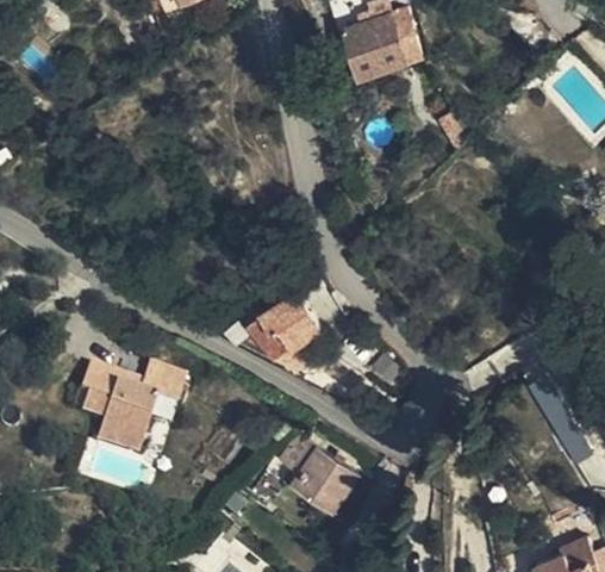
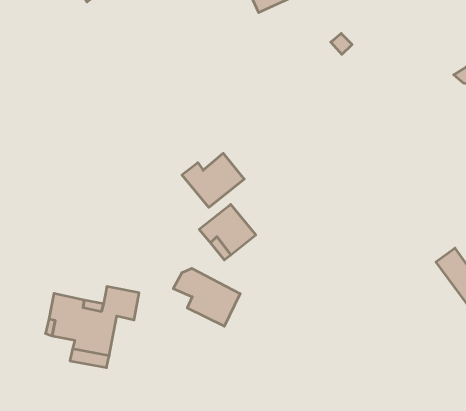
building: none -> [182,153,244,207]
building: [282,439,357,509] -> [173,268,240,326]

